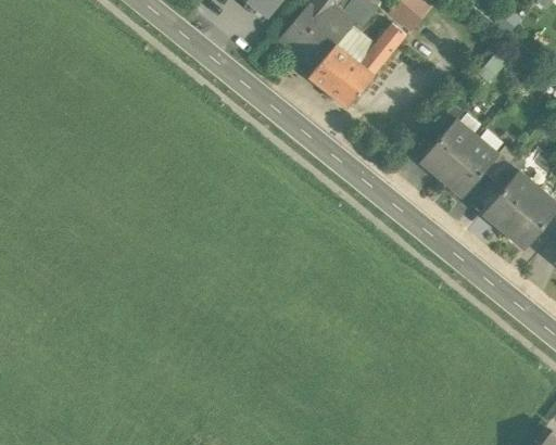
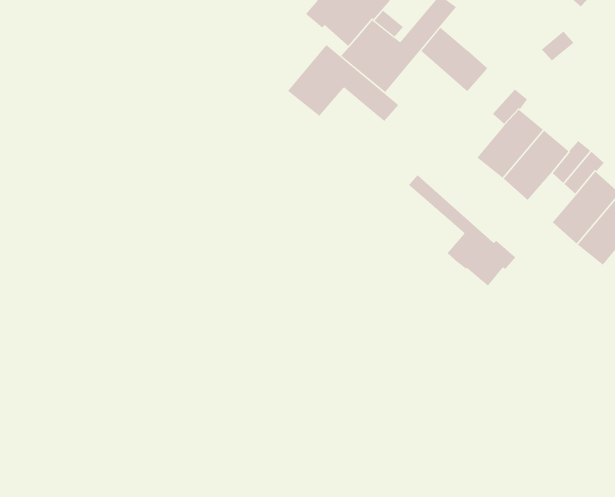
building: none -> [420,27,487,92]
building: none -> [287,44,399,122]
building: none -> [408,175,516,287]

